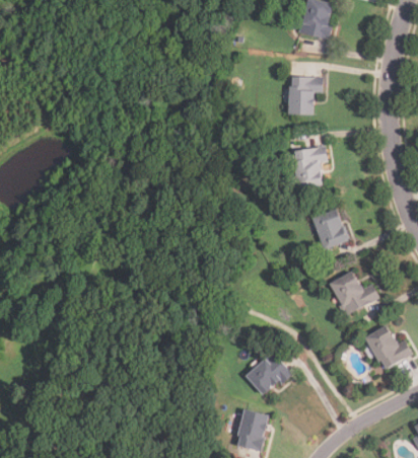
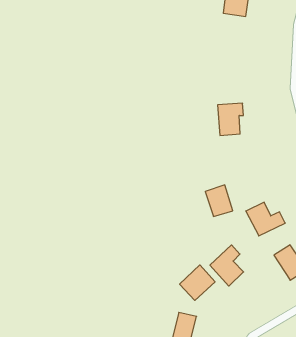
building: [289,76,321,112] -> none
building: [312,209,347,248] -> [205,185,233,216]
building: none -> [210,245,244,286]

